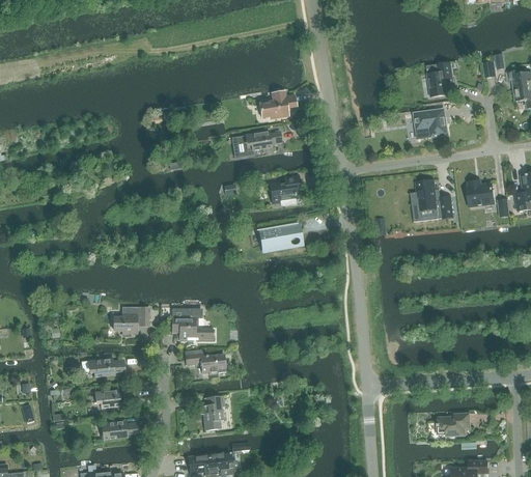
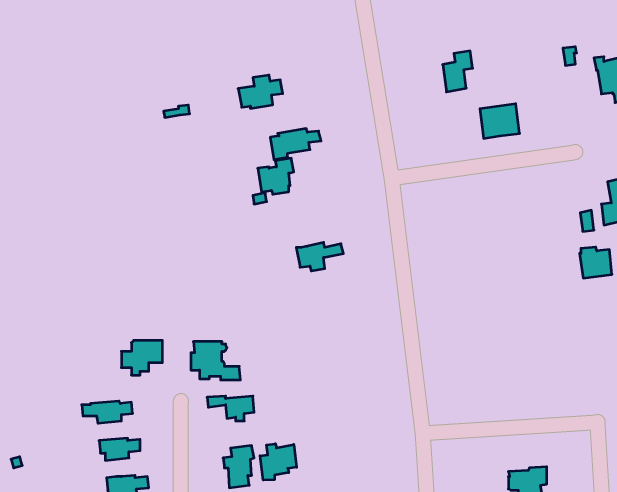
building: [427,62,452,96] -> [443,51,473,92]
building: [259,90,297,118] -> [238,75,283,108]
building: [270,175,300,205] -> [258,158,294,194]
building: [410,180,453,219] -> none
building: [467,180,494,206] -> [580,247,612,278]
building: none -> [260,444,297,480]

